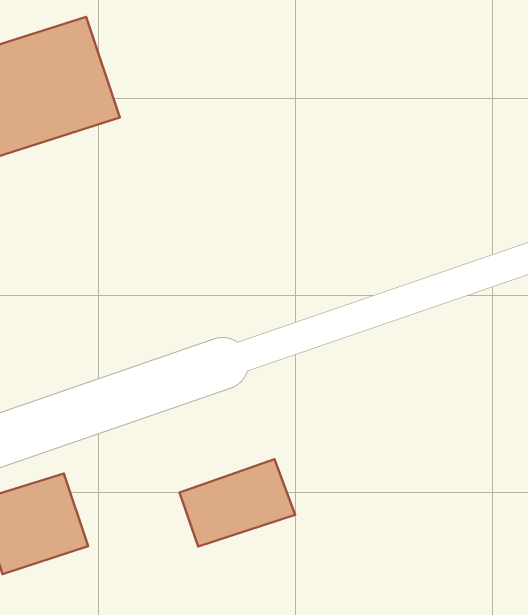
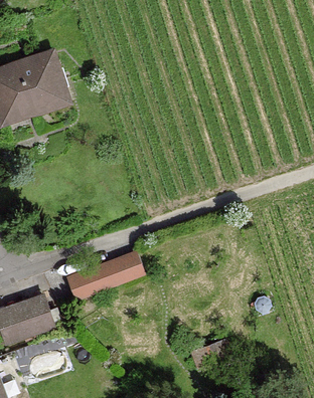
building: [179,459,295,547] -> [66,252,129,300]

